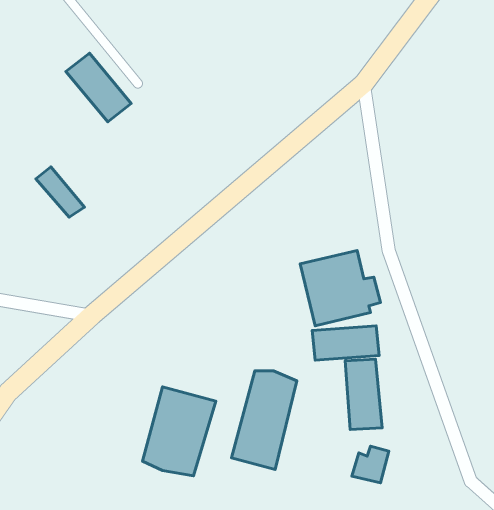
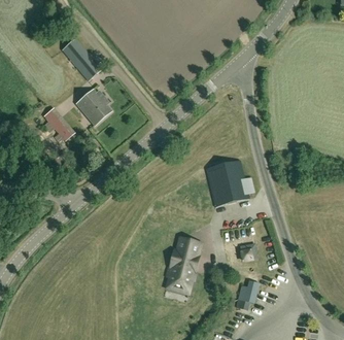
building: none -> [75,90,110,126]
building: [312,326,379,360] -> none
building: [143,387,216,476] -> none

